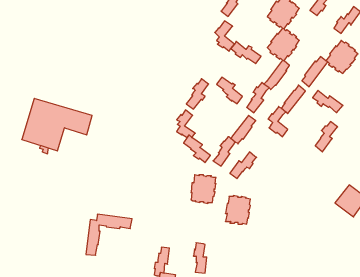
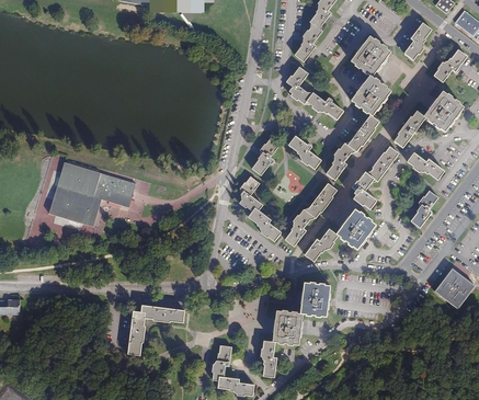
building: none -> [335,208,375,250]
building: [191,175,216,203] -> [272,310,303,345]

